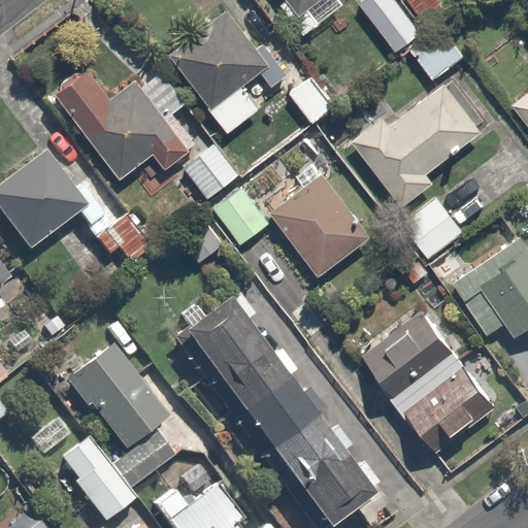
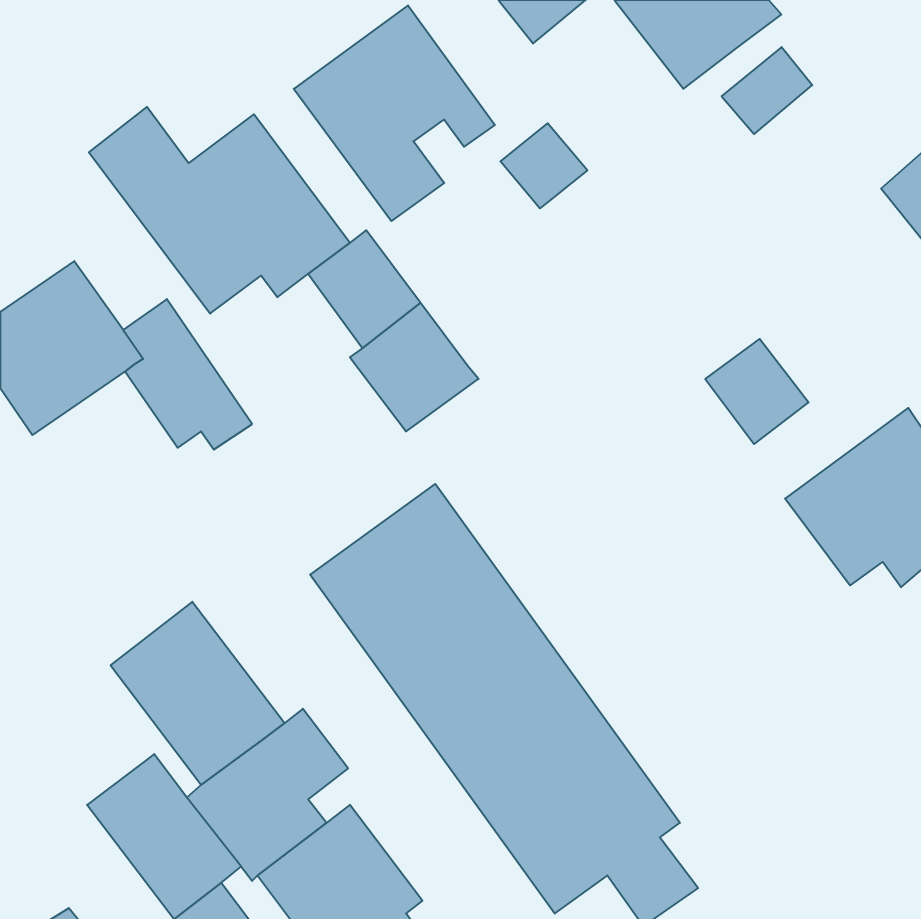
building: [345,79,482,204] -> none
building: [269,171,369,273] -> none
building: [365,315,497,456] -> none

